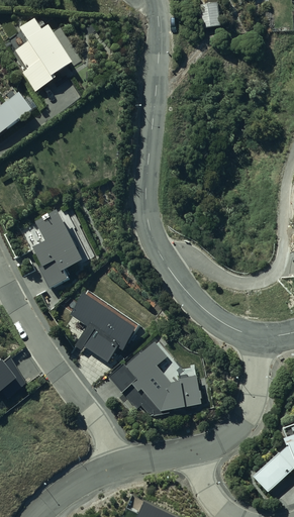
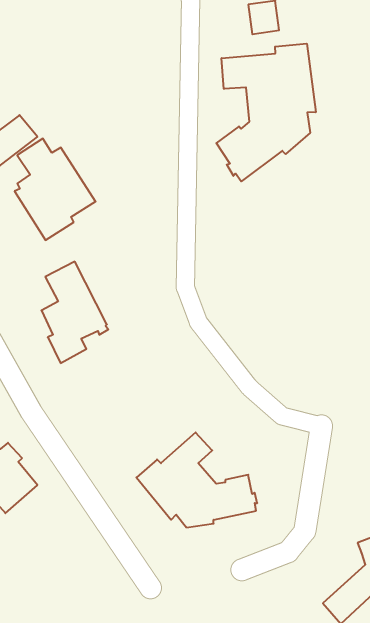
building: [11,15,75,95] -> [15,139,96,240]
building: none -> [216,44,316,181]
building: [70,291,139,361] -> none

